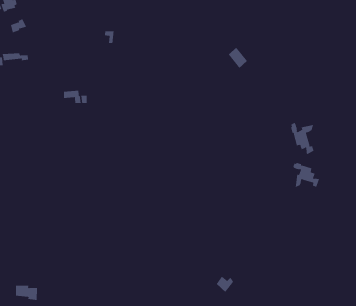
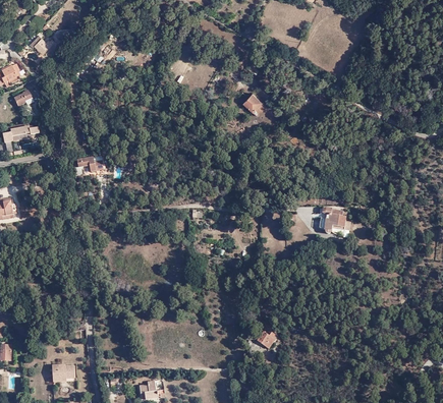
building: [290,122,314,155] -> none

